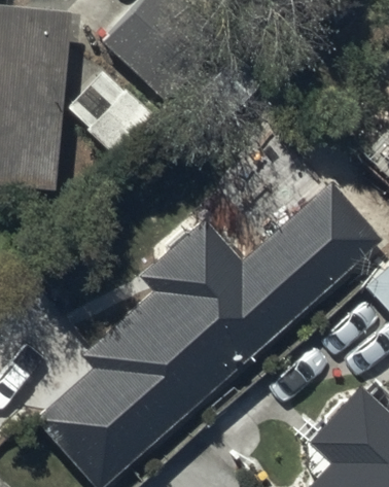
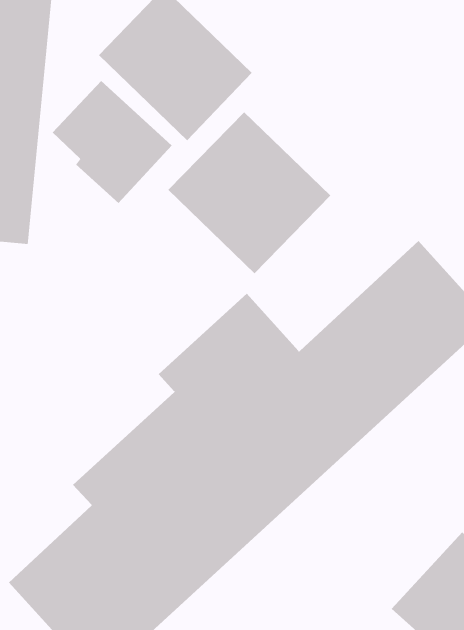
building: none -> [168,111,331,274]

